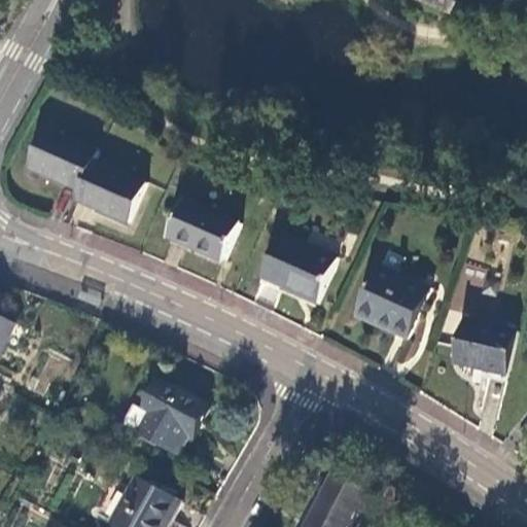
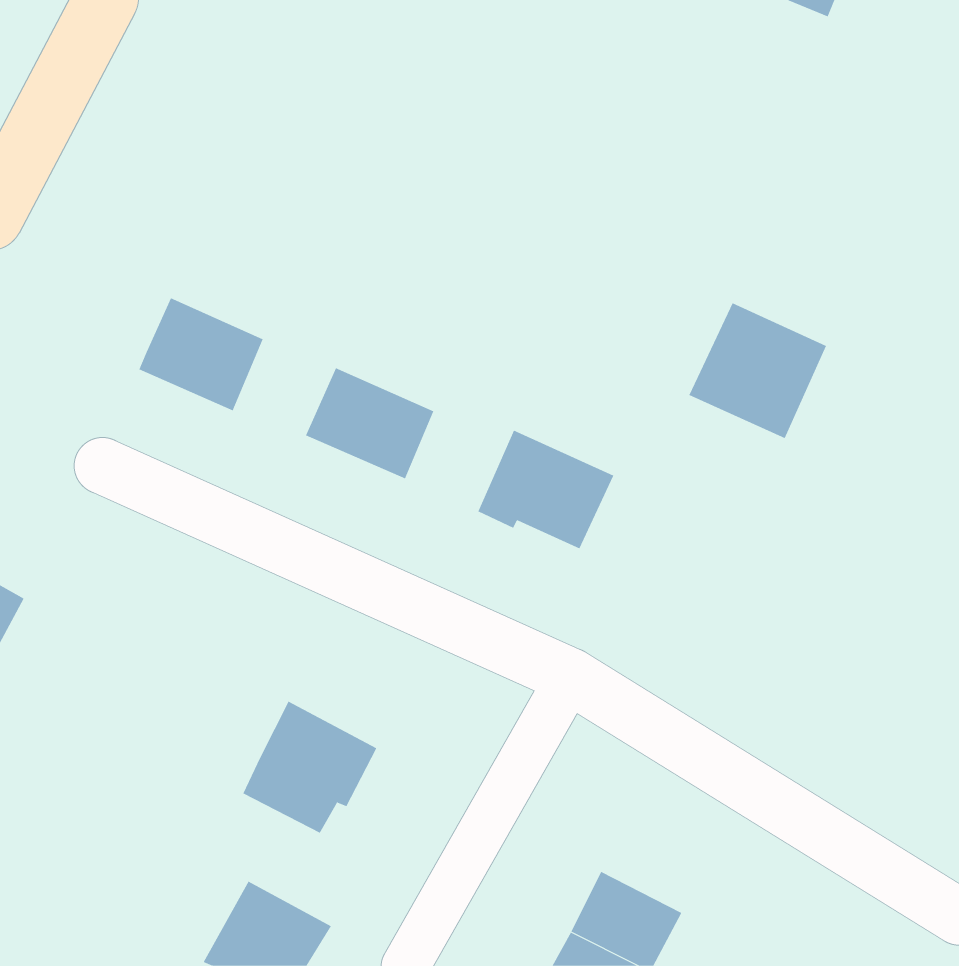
building: [26,129,97,191] -> none
building: [352,266,427,340] -> [689,302,827,439]
building: [452,319,514,374] -> none

